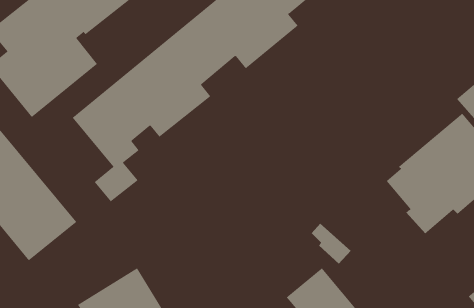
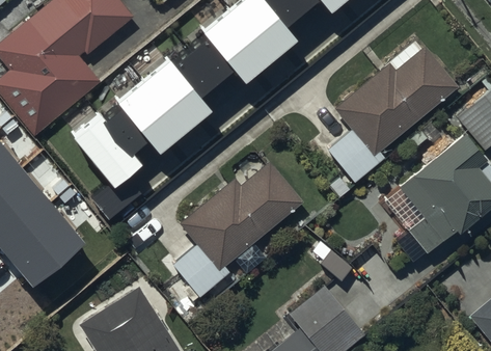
building: none -> [328,46,458,183]
building: none -> [172,161,303,302]

